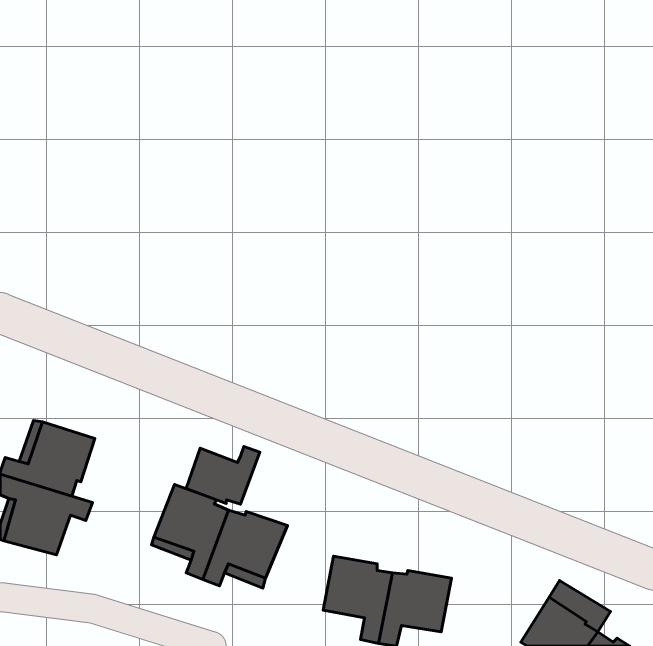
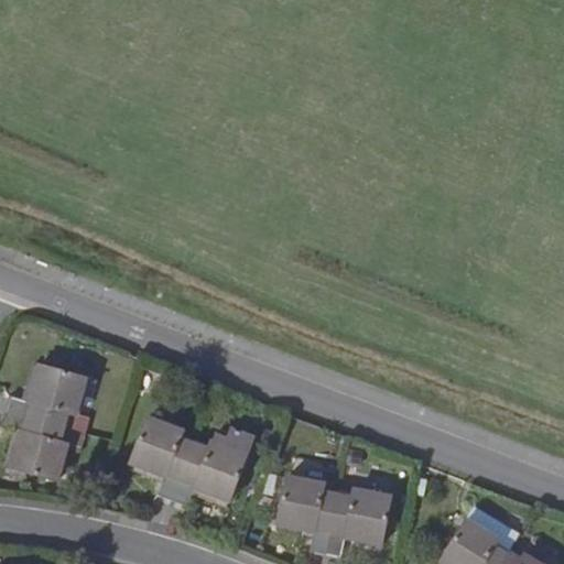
building: [186,446,260,504] -> none

